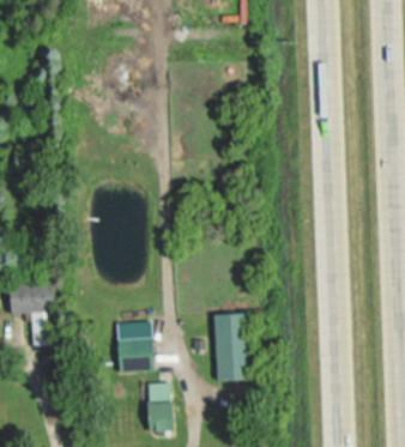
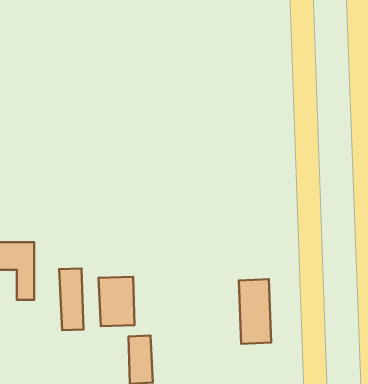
building: none -> [59,269,83,330]
building: [214,313,248,380] -> [239,279,271,344]

